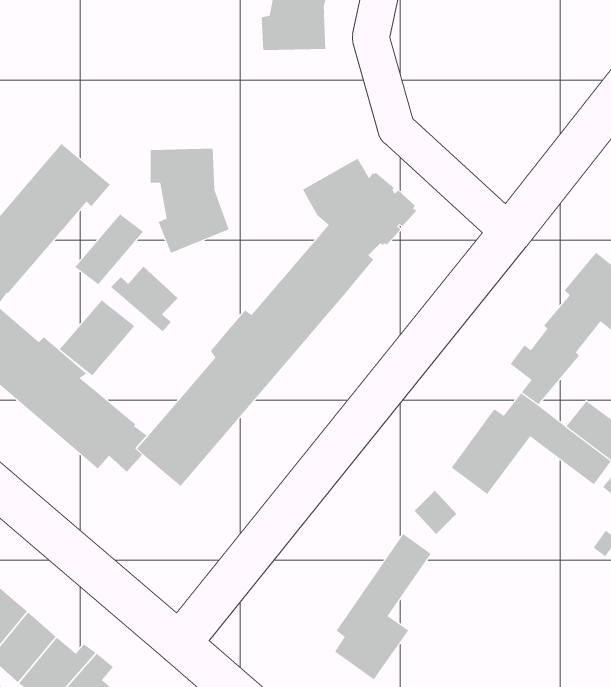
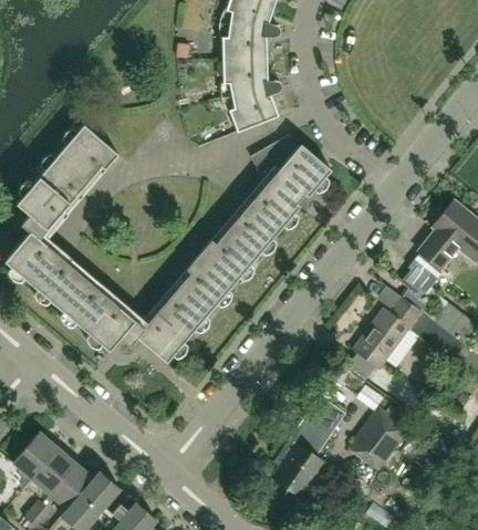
building: [150,148,230,254] -> [224,60,279,133]
building: [74,213,144,285] -> none
building: [110,266,179,332] -> none
building: [59,299,135,376] -> none
building: none -> [351,408,408,468]

